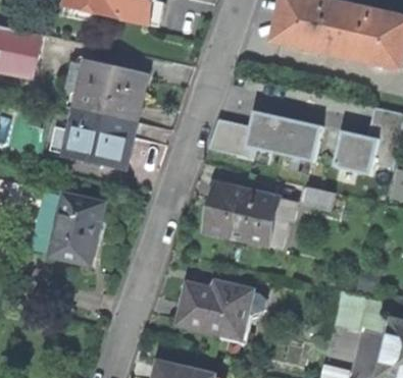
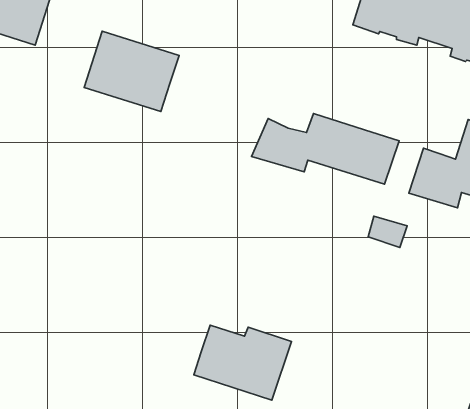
building: [62,107,133,165] -> none
building: [204,184,289,248] -> none
building: [47,195,102,265] -> none

